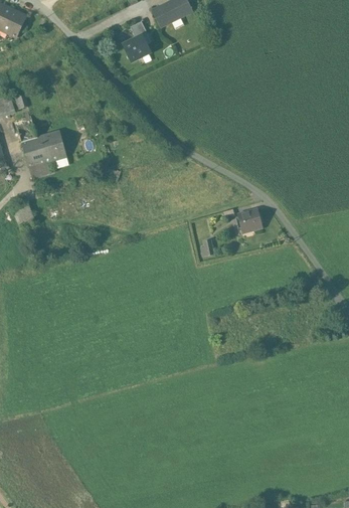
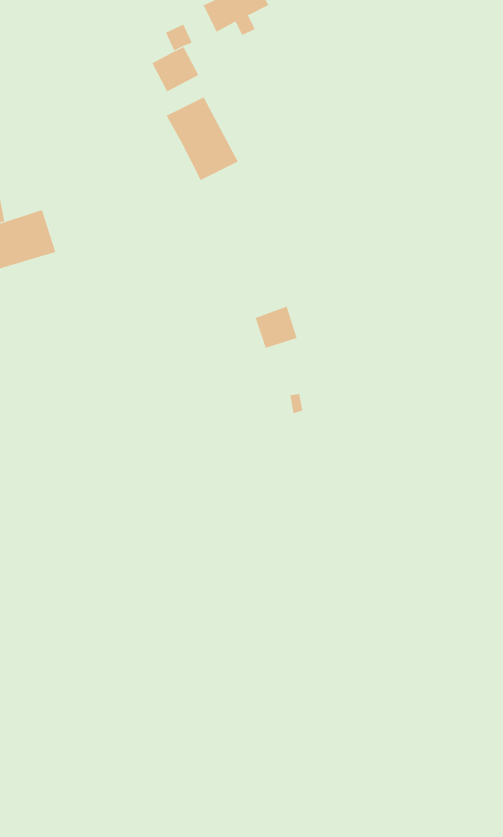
building: none -> [166,97,239,181]
building: [236,208,261,233] -> [255,306,297,348]

